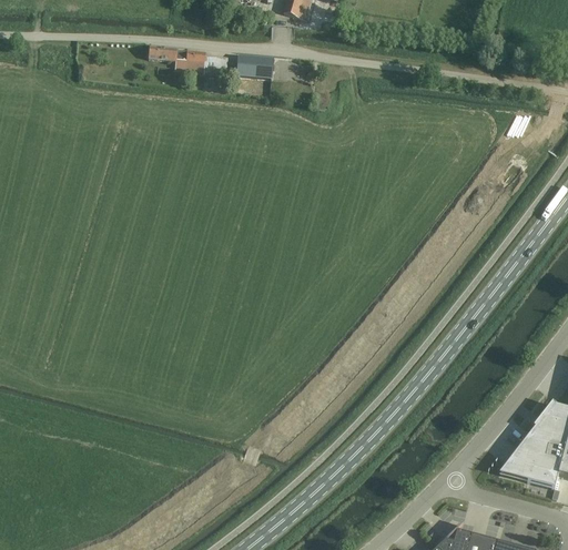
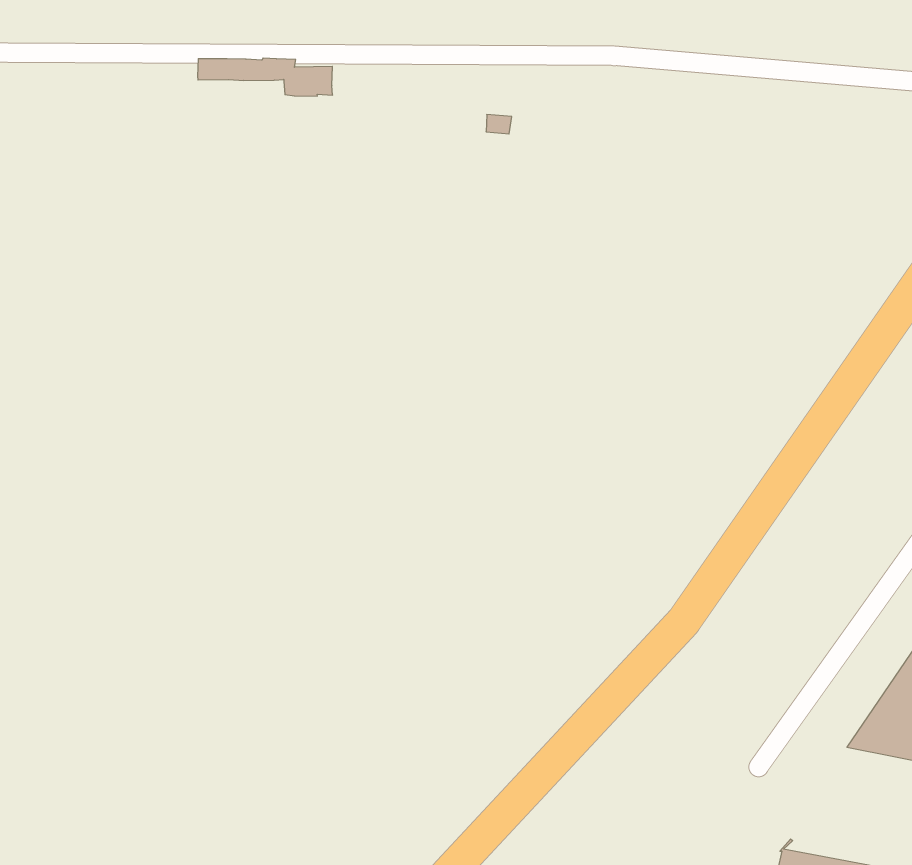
building: [235,55,272,79] -> none

